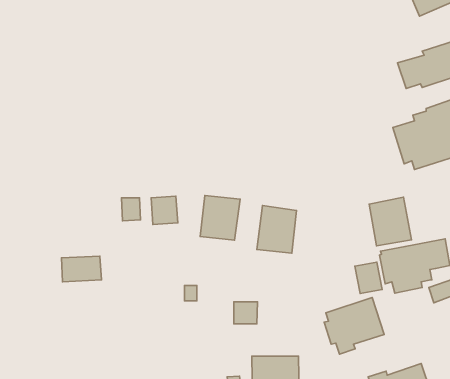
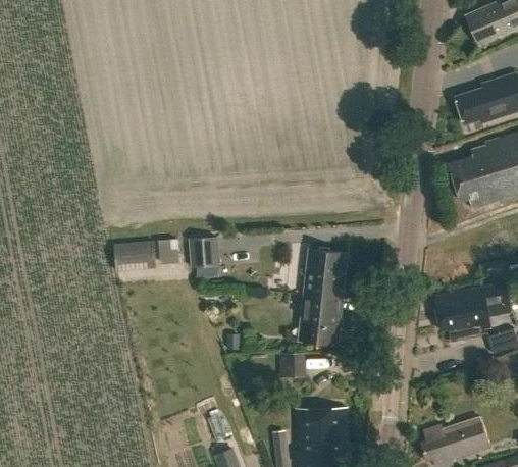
building: [200,196,240,240] -> [299,295,342,343]
building: [369,197,412,246] -> none
building: [62,256,102,282] -> [115,242,158,269]
building: [355,262,382,293] -> none
building: [324,298,384,354] -> none

